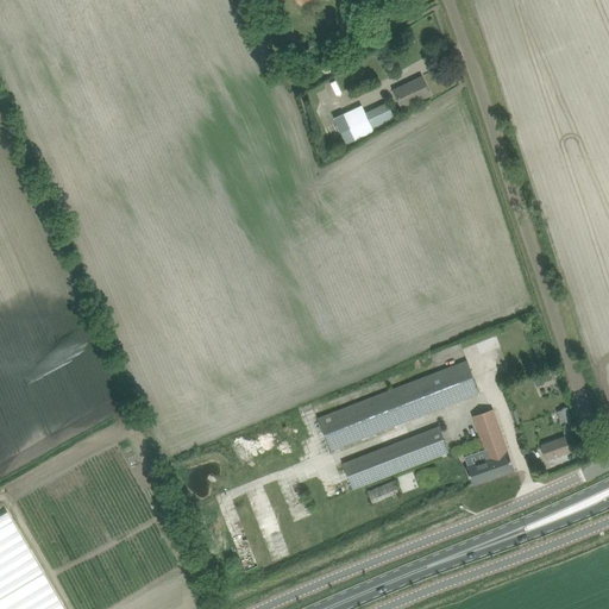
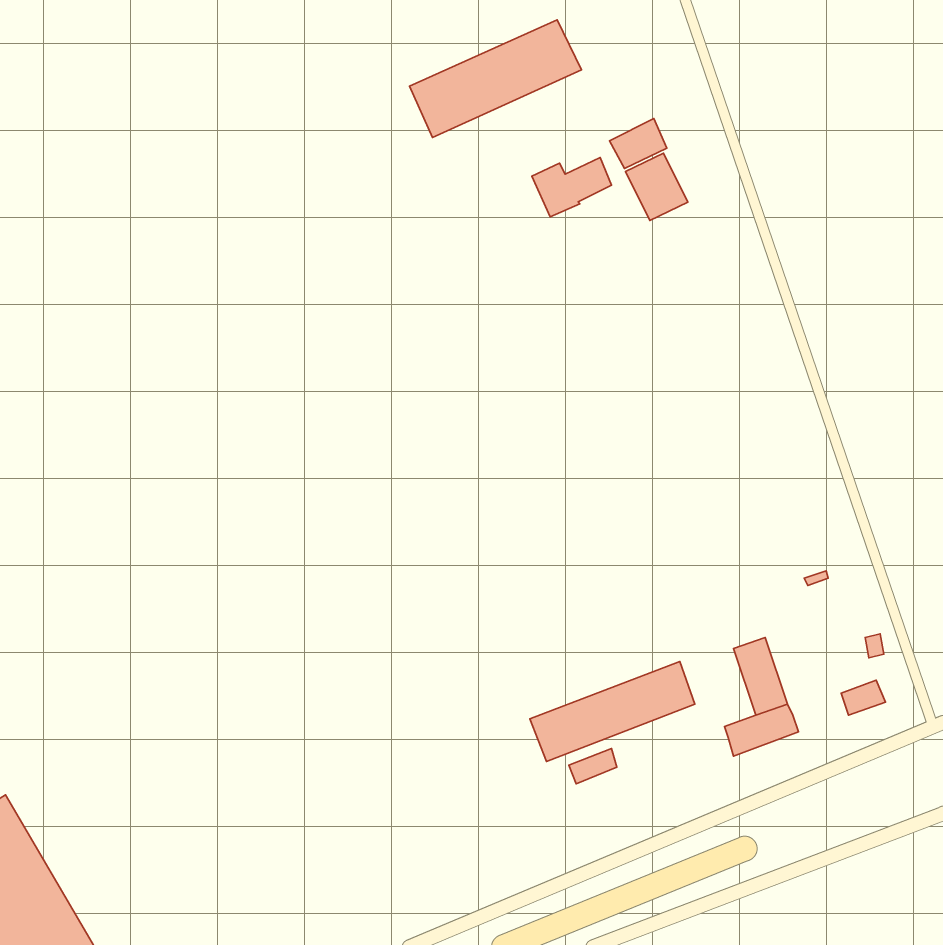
building: none -> [410,20,582,138]
building: none -> [625,153,688,221]
building: [315,360,477,452] -> none

